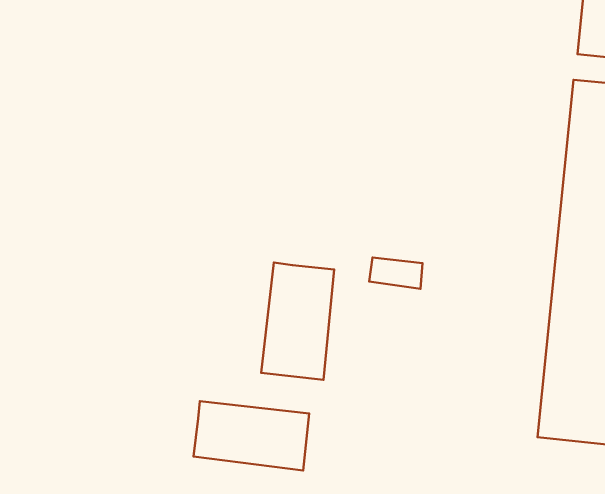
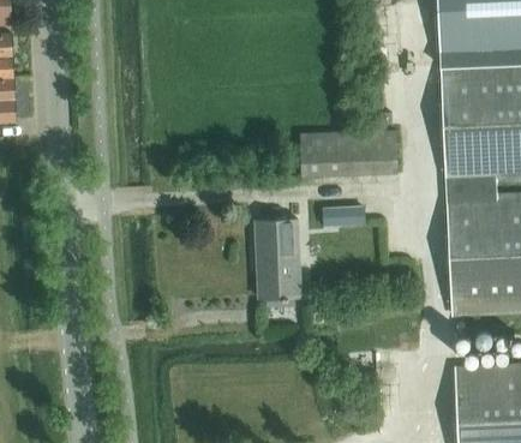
building: none -> [298,131,396,174]
building: [194,401,309,470] -> none

